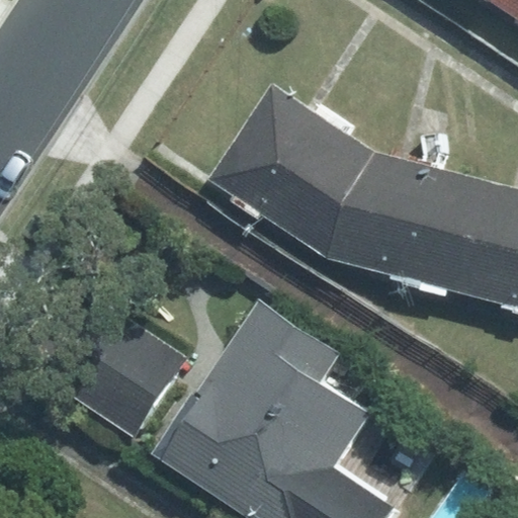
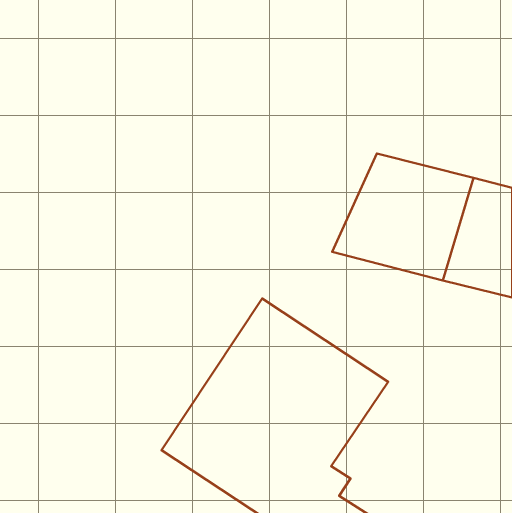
building: [215,91,375,257] -> none
building: [45,301,182,434] -> none

